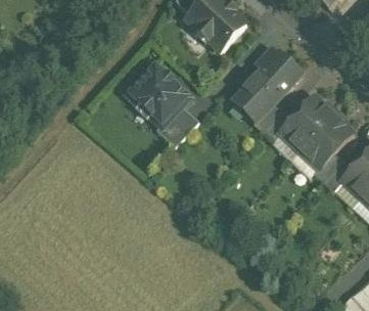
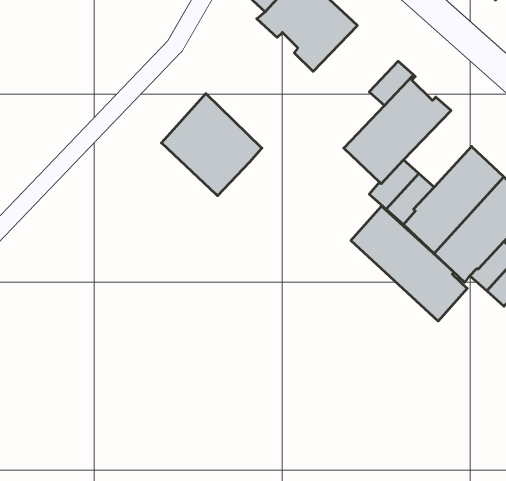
building: [156,102,199,144] -> none
building: none -> [351,206,467,321]

